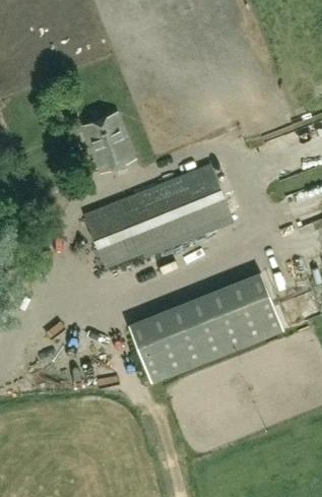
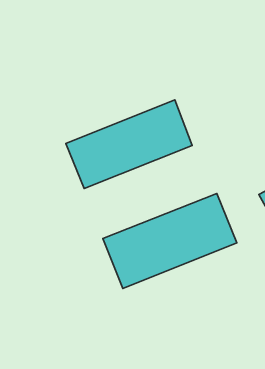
building: [81,114,133,173] -> none

